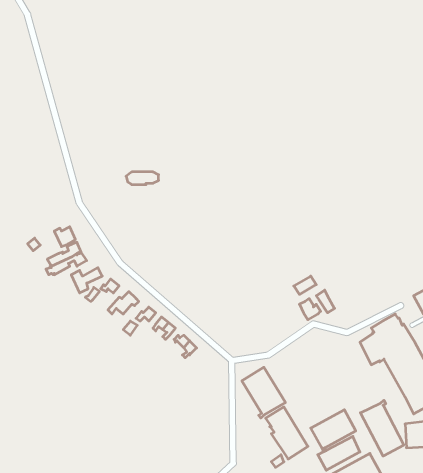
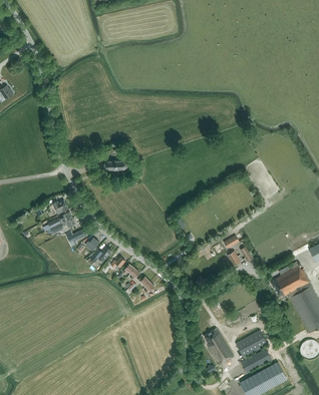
building: [242,367,285,418] -> none
building: [360,400,404,456] -> none

